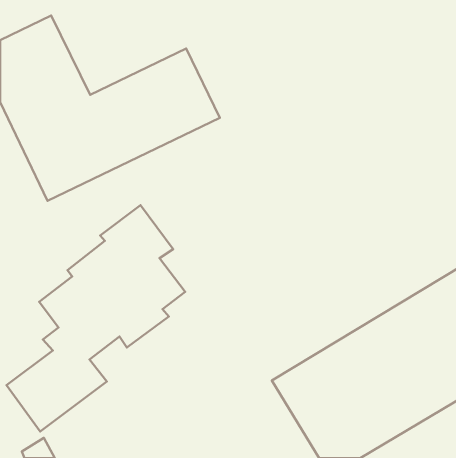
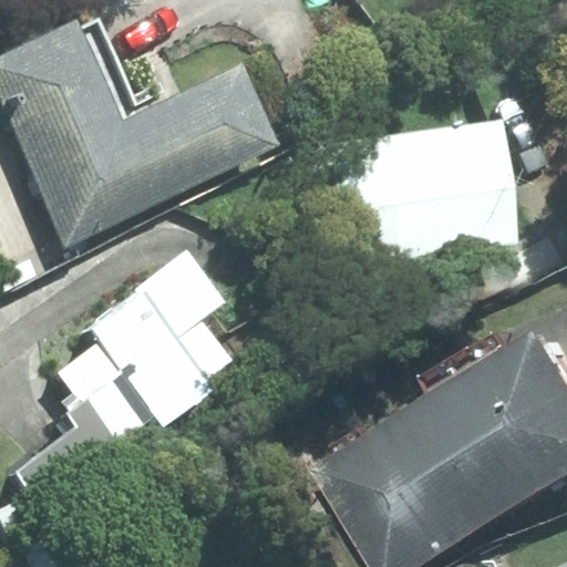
building: none -> [334,118,513,261]

